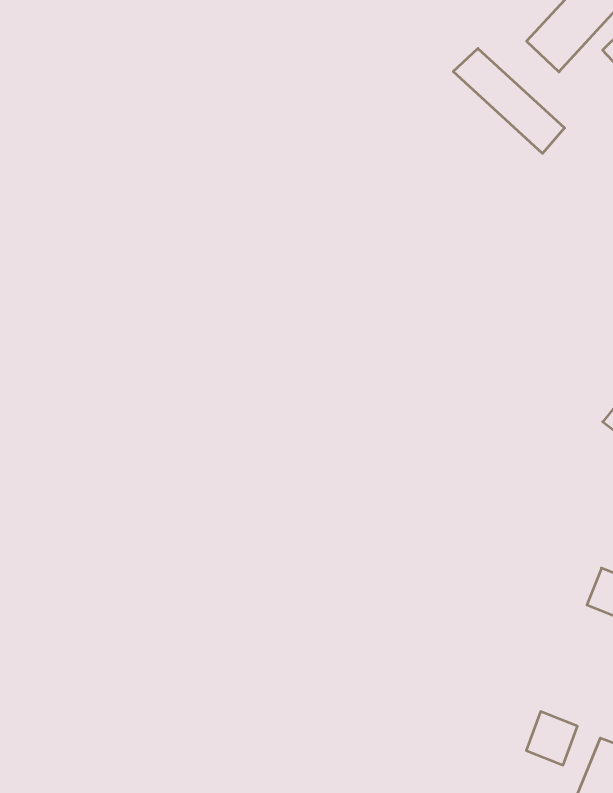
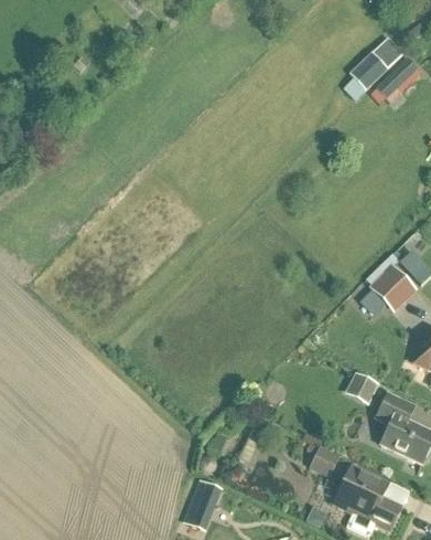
building: [453,48,565,153] -> none

